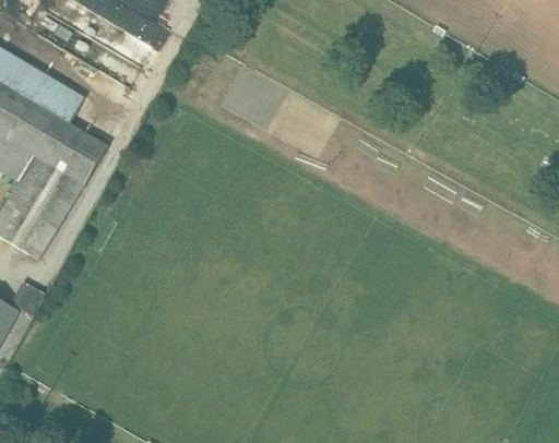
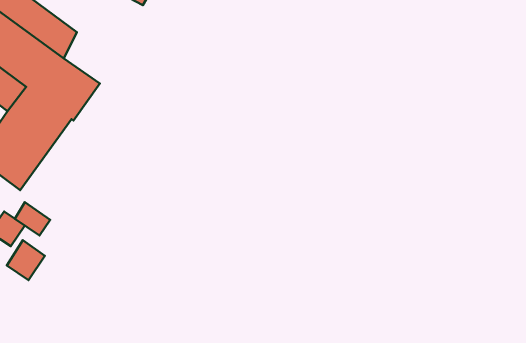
building: none -> [15,202,50,235]
building: none -> [7,240,45,280]

